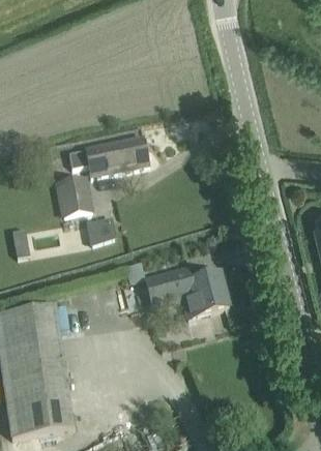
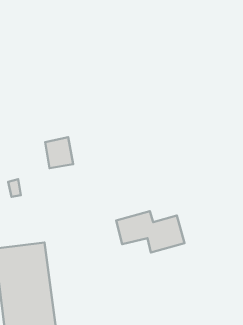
building: [84,138,148,178] -> none
building: [84,219,114,248] -> none

